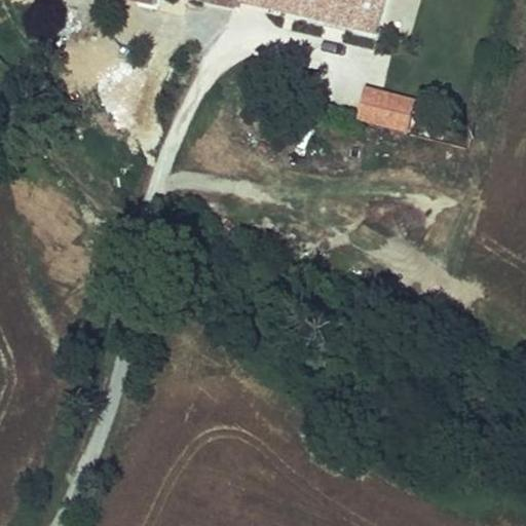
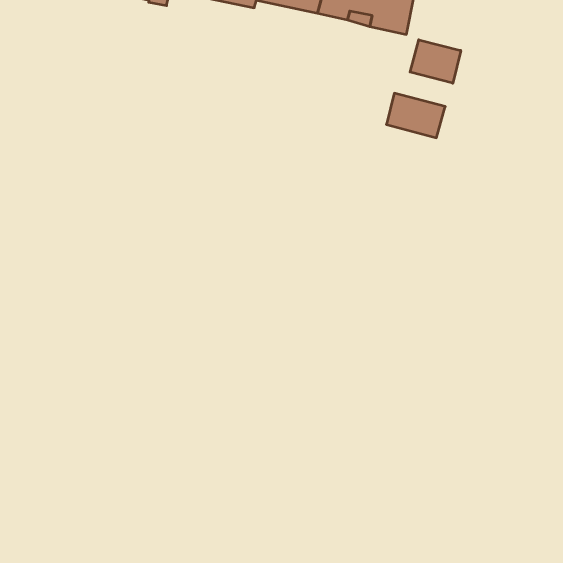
building: none -> [410,40,461,83]

